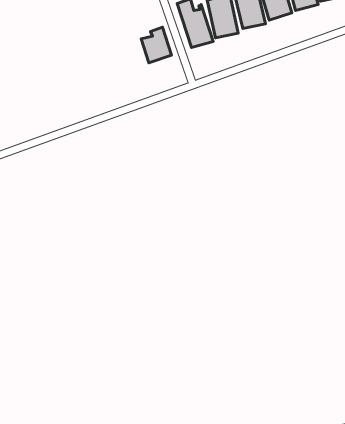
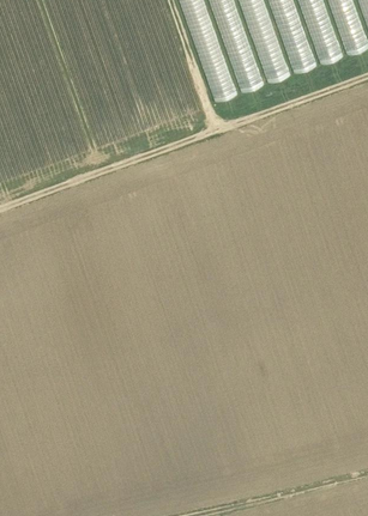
building: [141,27,171,63] -> none

